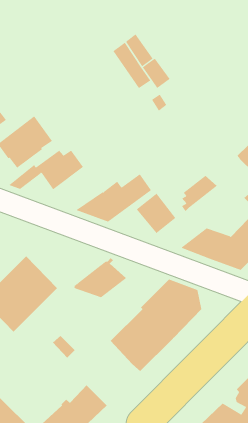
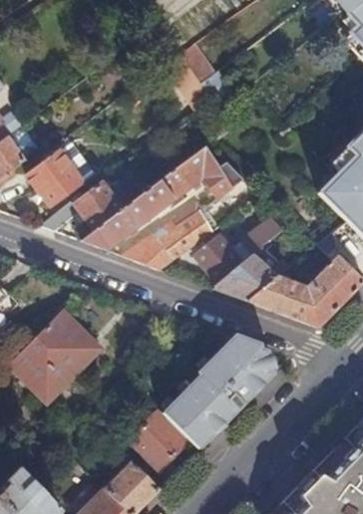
building: none -> [82,146,232,249]
building: [73,258,127,298] -> [213,252,278,300]
building: none -> [128,410,189,470]

